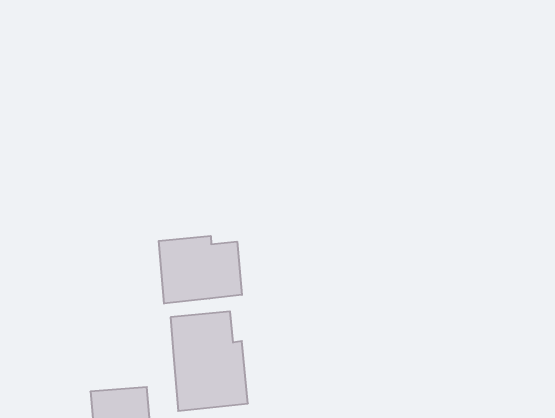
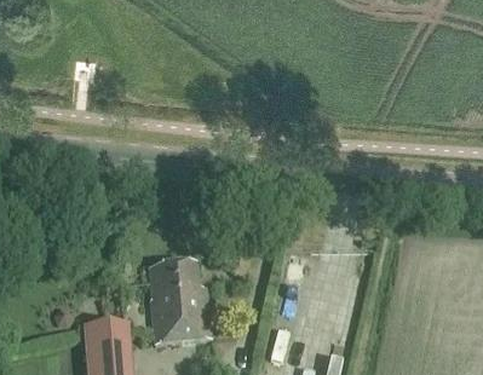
building: [159,236,242,304] -> none

